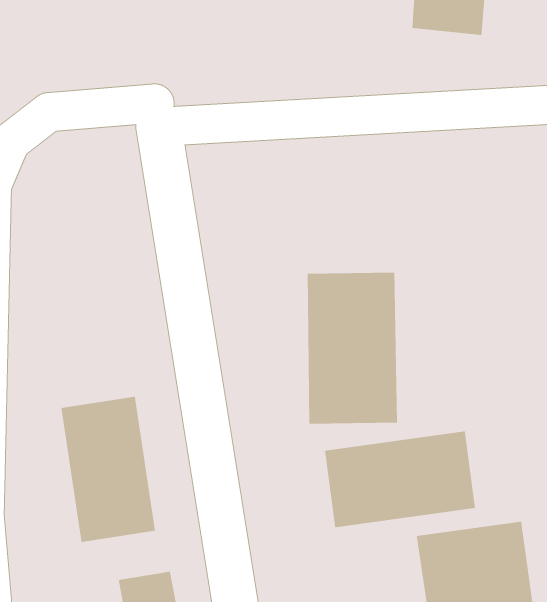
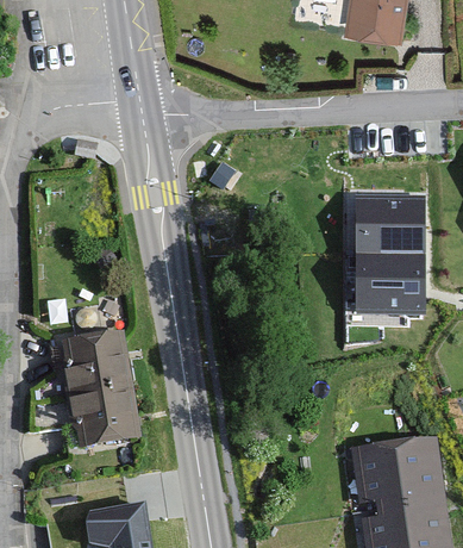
building: [307,272,398,425] -> [351,187,425,311]
building: [324,430,476,528] -> none

